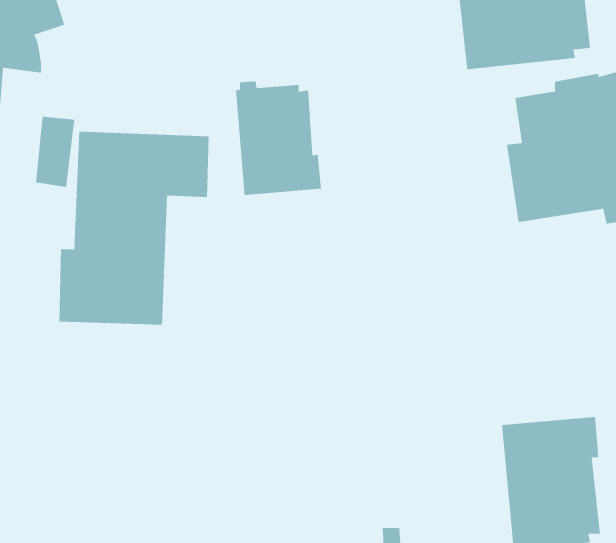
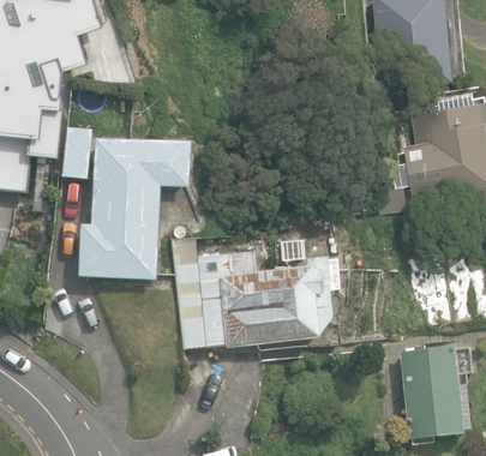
building: [235,80,322,196] -> none
building: none -> [170,238,331,348]

